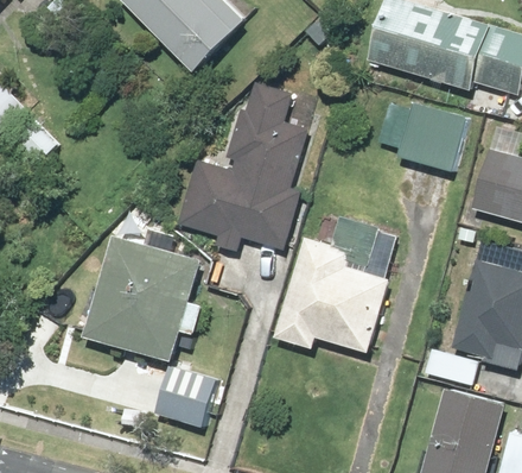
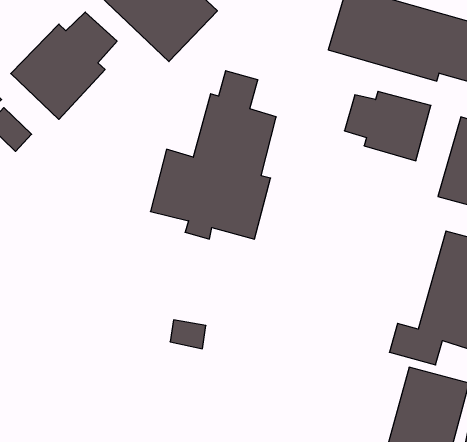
building: none -> [11,12,117,119]
building: [274,221,397,353] -> none
building: [83,234,202,360] -> none
building: [155,366,217,429] -> none

